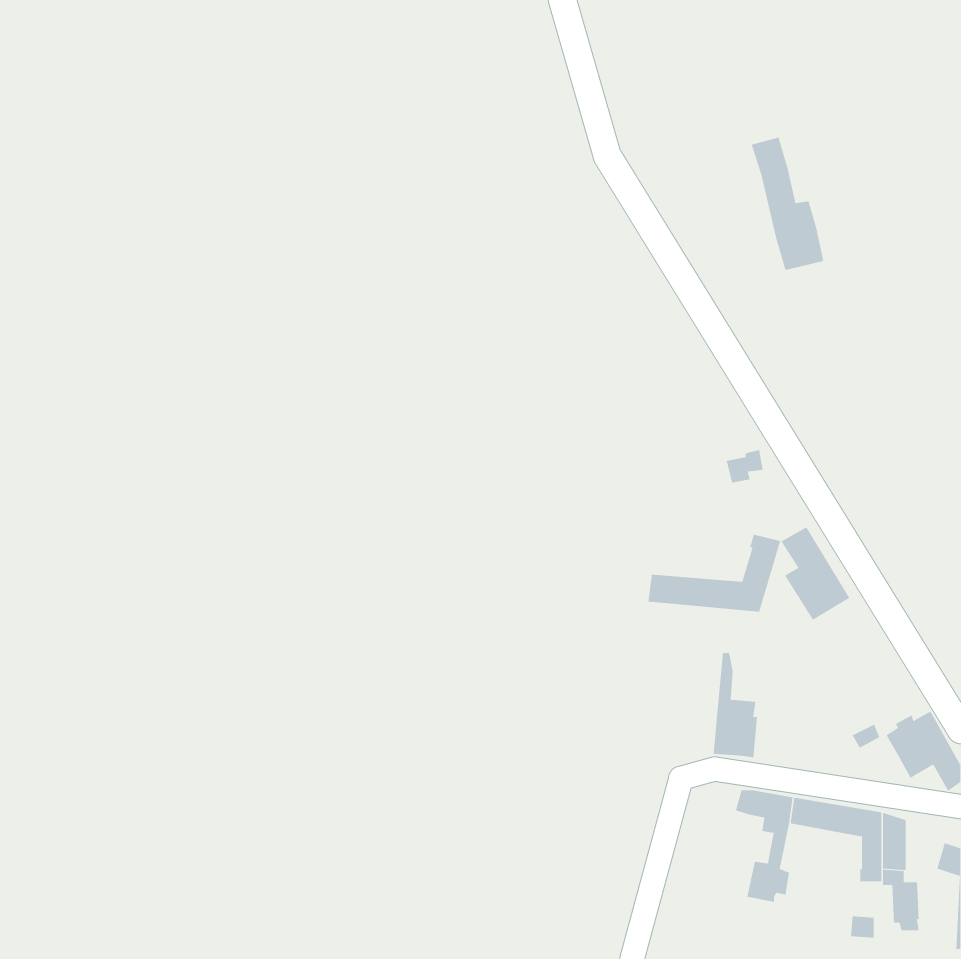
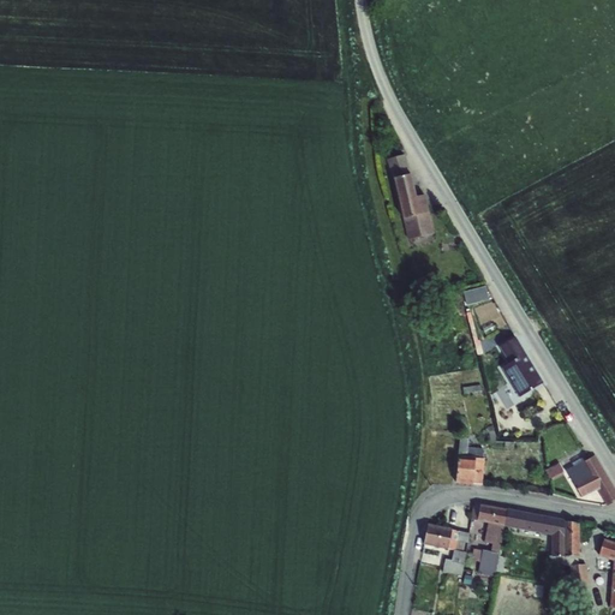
building: [751,137,824,270] -> [387,154,434,239]
building: [648,534,781,612] -> none
building: none -> [423,524,468,575]

